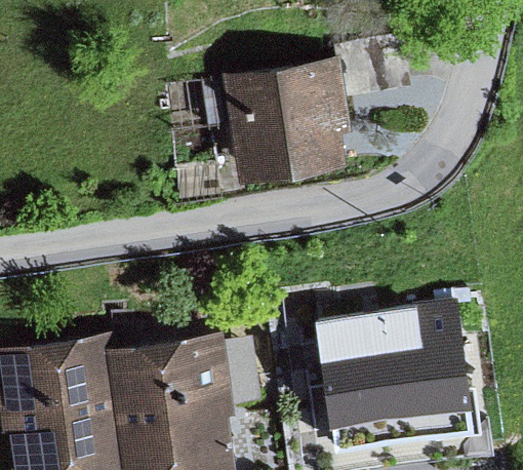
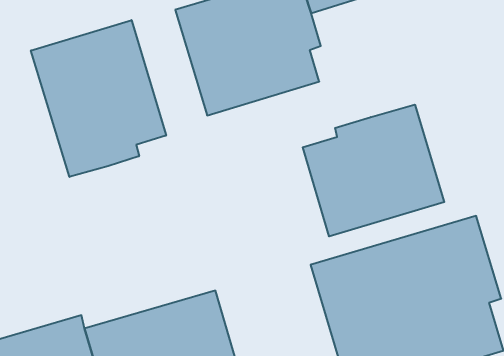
building: none -> [31,20,166,177]
building: none -> [303,105,444,236]

